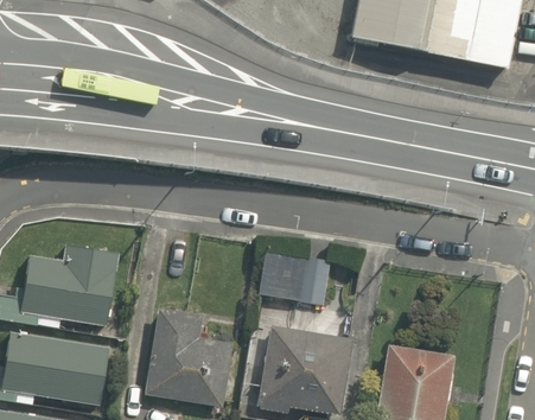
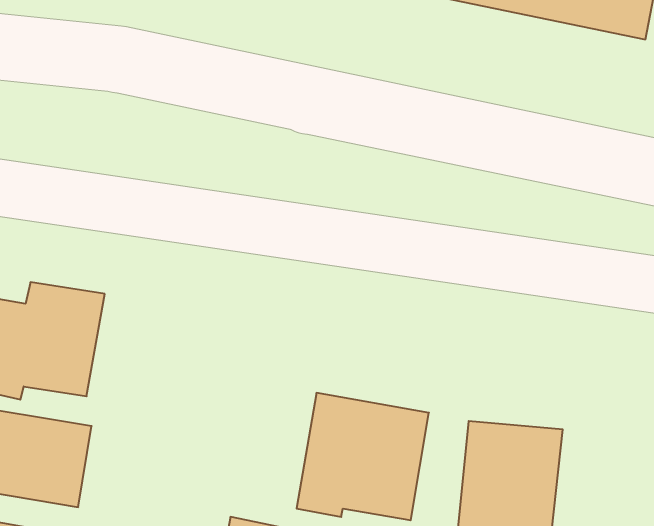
building: [254,261,329,306] -> none
building: [145,307,235,407] -> none

